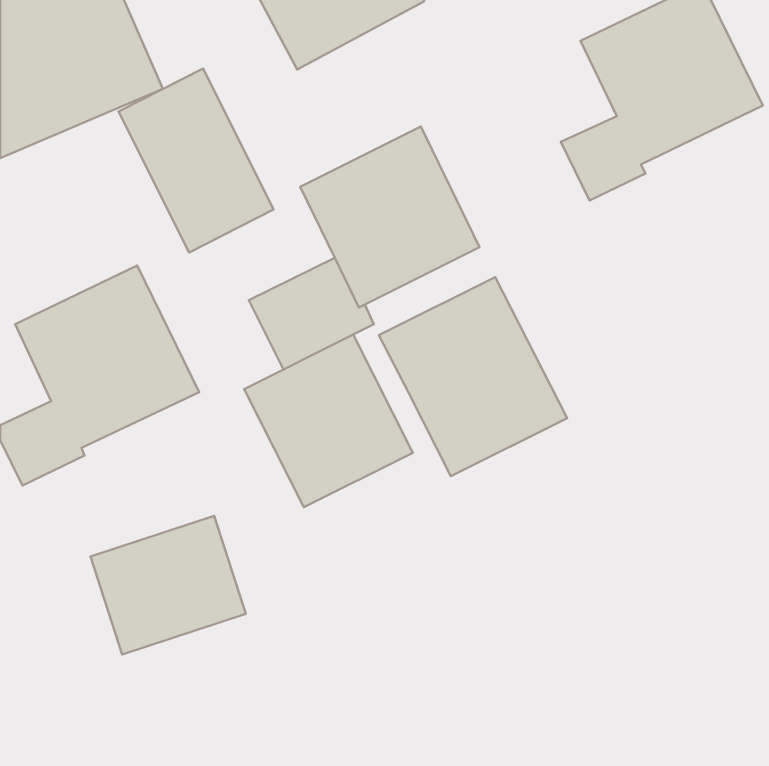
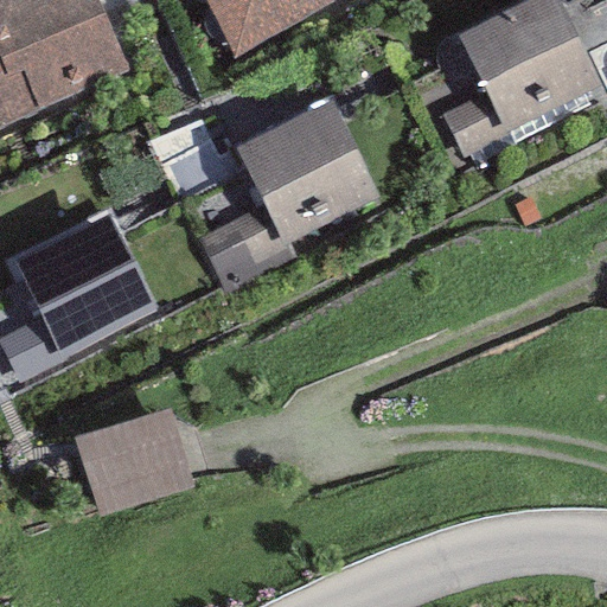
building: [119,69,273,252] -> none
building: [379,277,567,476] -> none
building: [244,335,413,507] -> none

